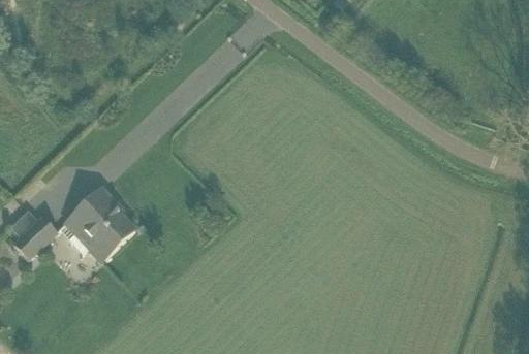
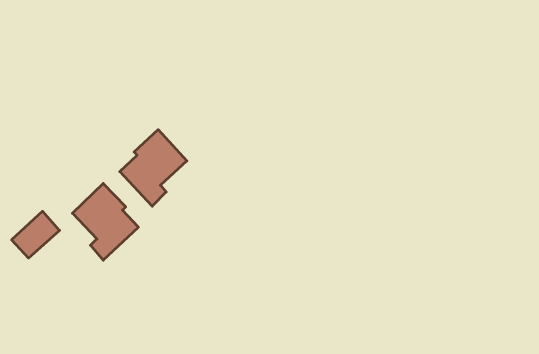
building: none -> [120,130,187,206]

